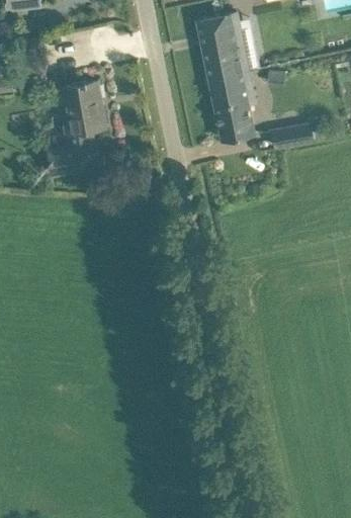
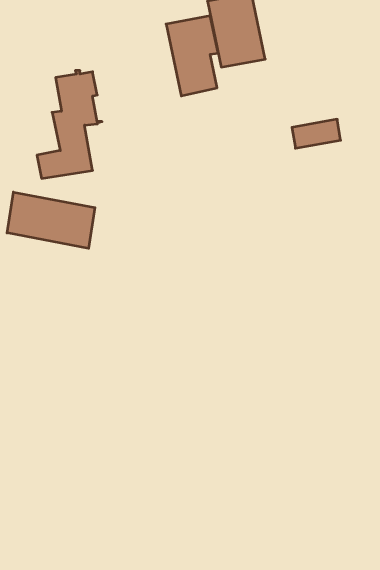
building: [209,70,255,140] -> [166,16,218,96]
building: none -> [7,192,95,248]

